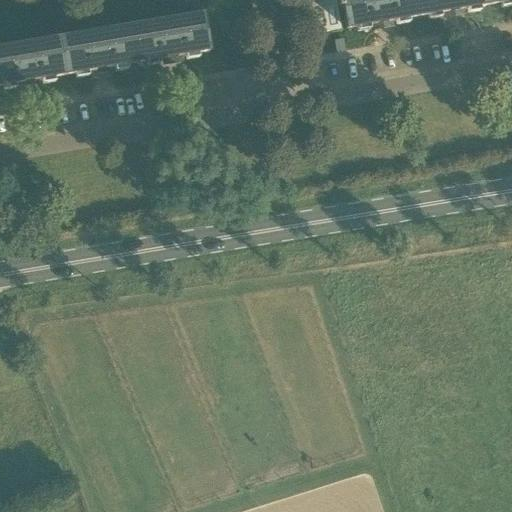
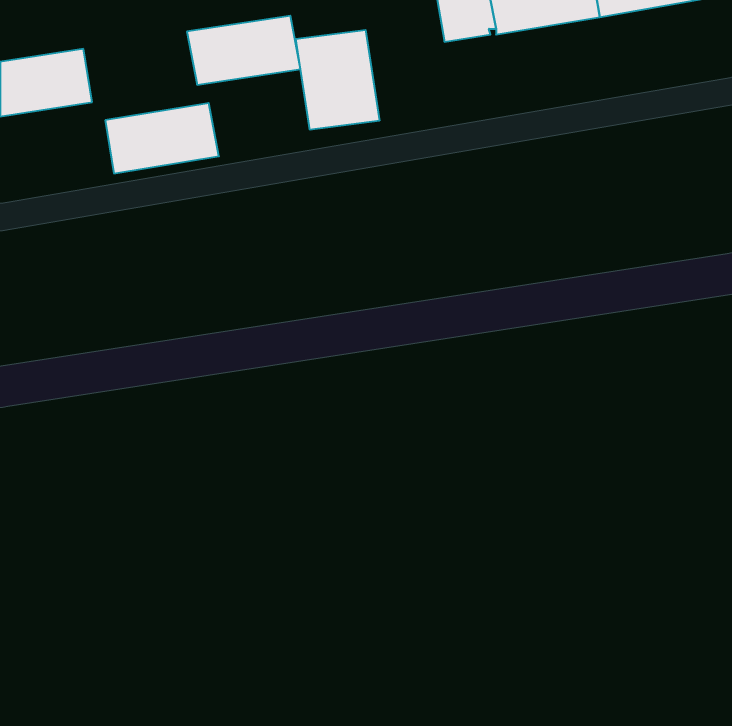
building: none -> [296,30,379,130]
building: [60,22,139,71] -> [105,103,219,173]

